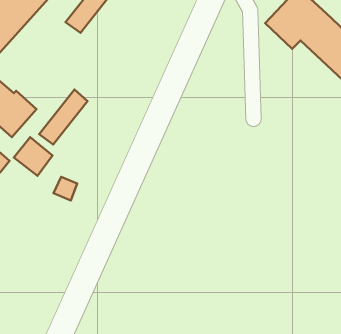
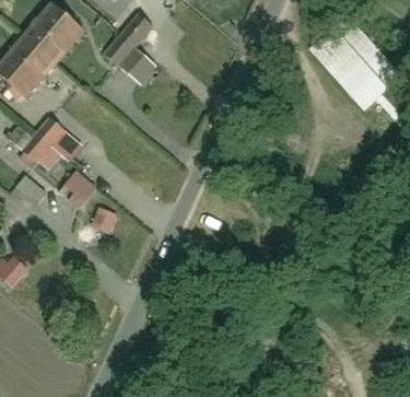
building: none -> [120,50,156,85]
building: [39,89,88,144] -> none

